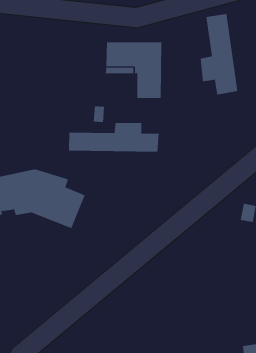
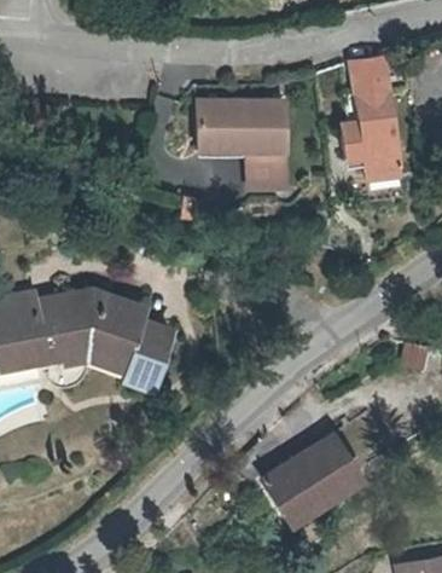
building: [69,122,159,152] -> none
building: none -> [264,433,359,515]

